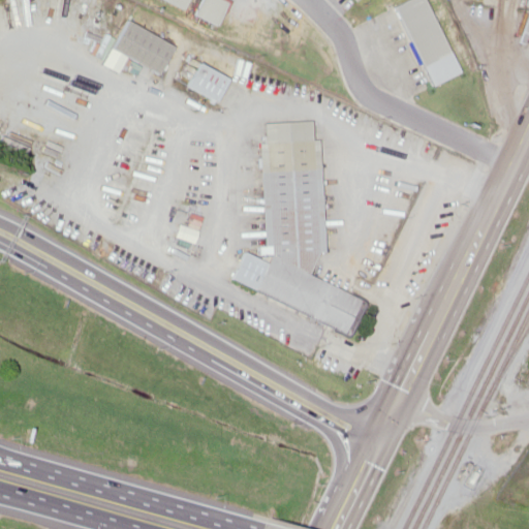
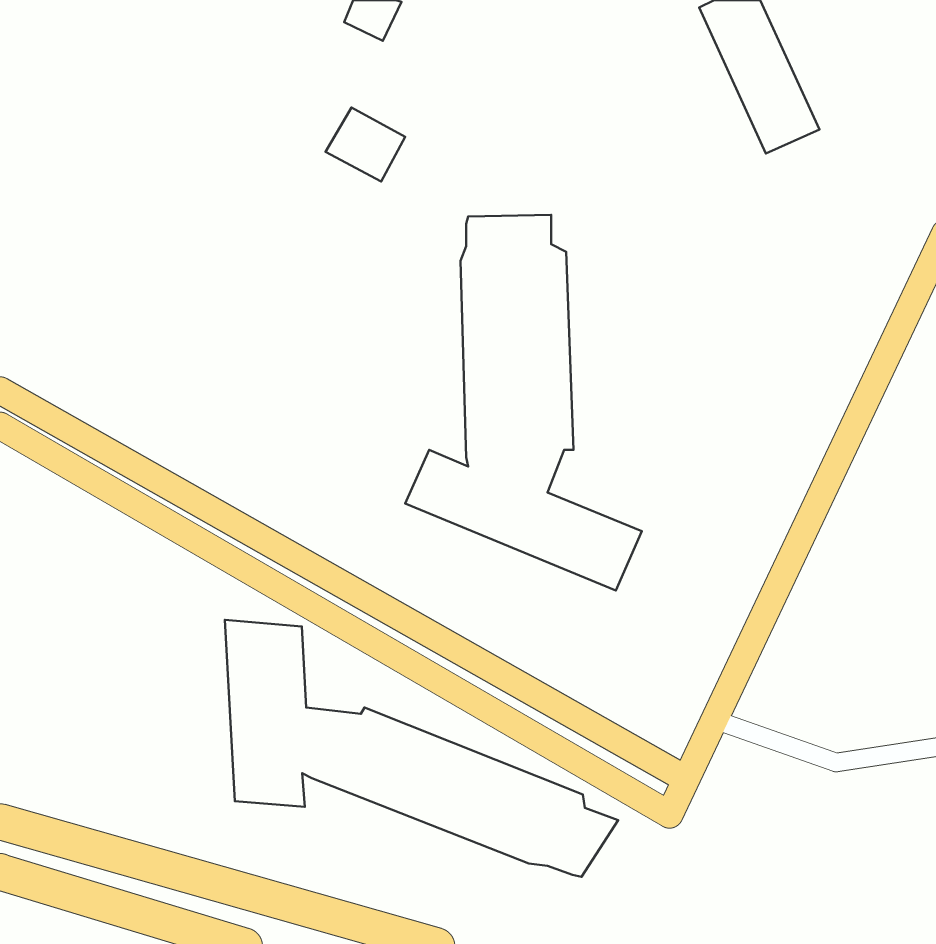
building: [113,21,176,73] -> none
building: none -> [225,620,618,877]

